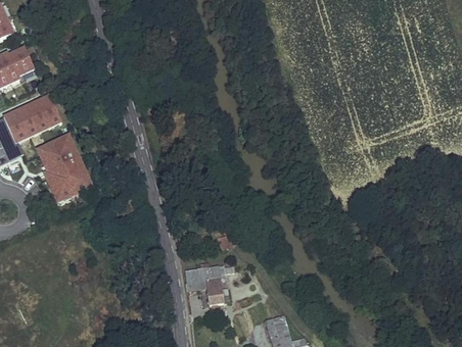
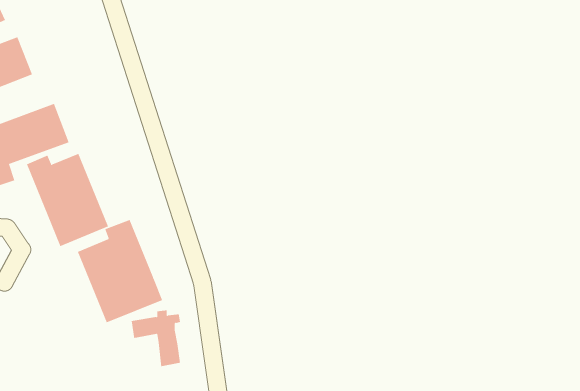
building: none -> [77,219,163,323]
building: [185,262,223,305] -> [131,310,181,367]

